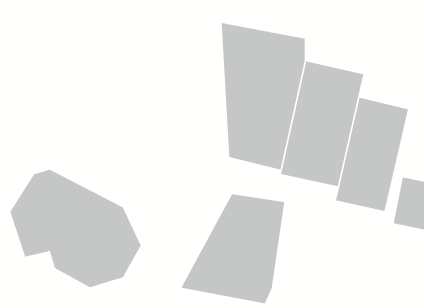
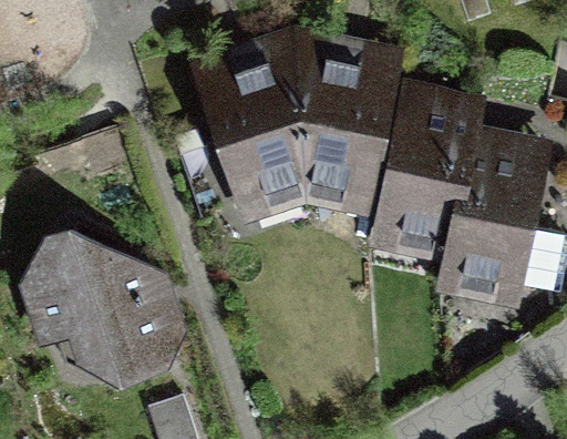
building: none -> [187,35,303,226]
building: [181,193,285,304] -> none

